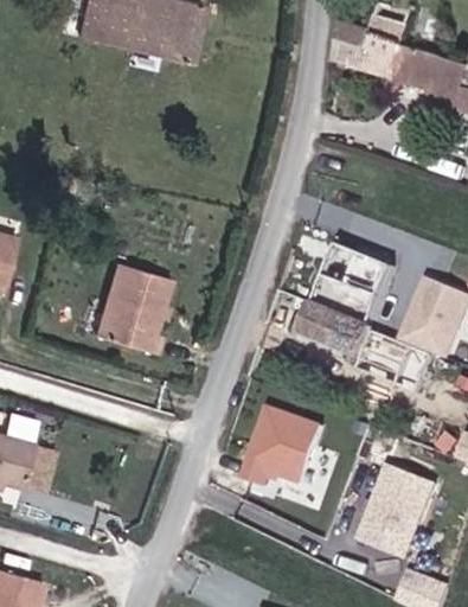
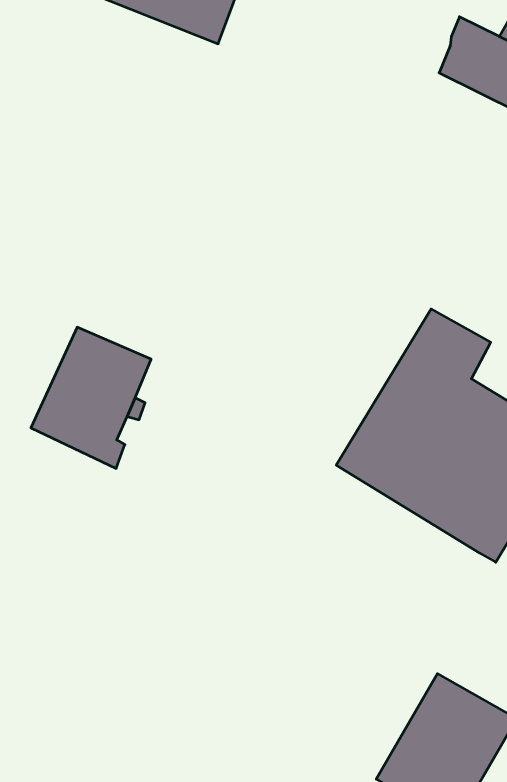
building: [239,401,320,485] -> none

